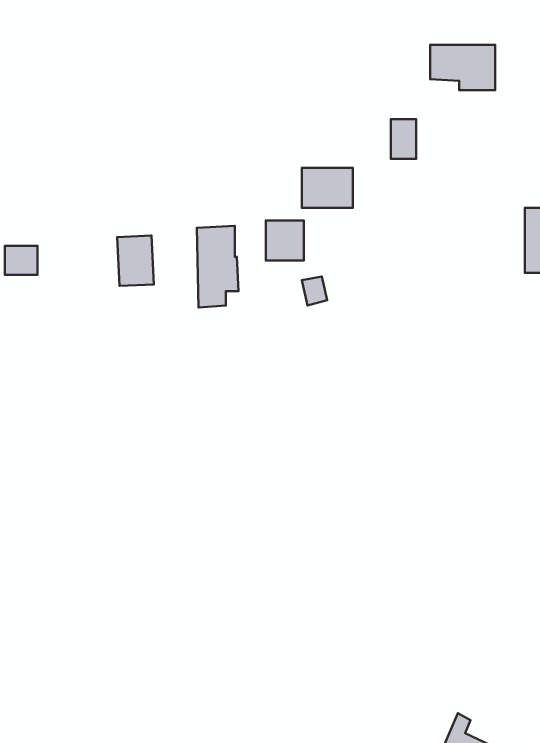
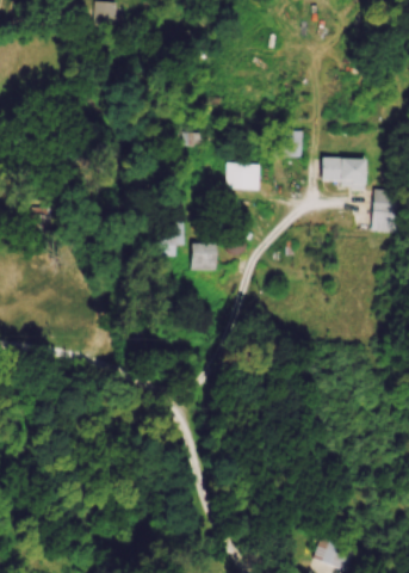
building: [430,45,495,90] -> [322,159,365,189]
building: [266,221,304,260] -> [191,244,216,270]
building: [117,236,154,286] -> none

